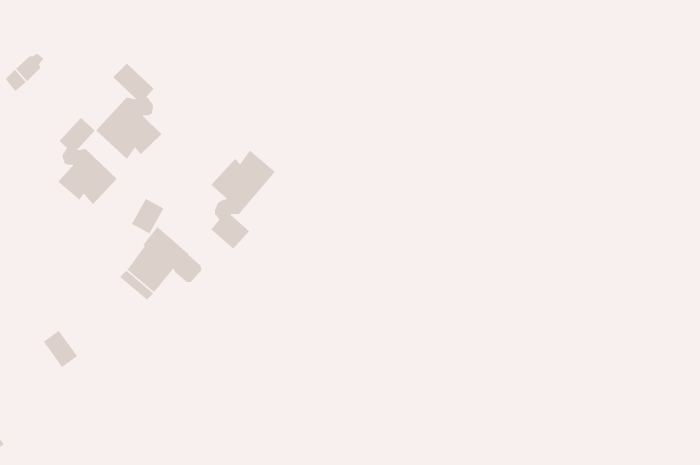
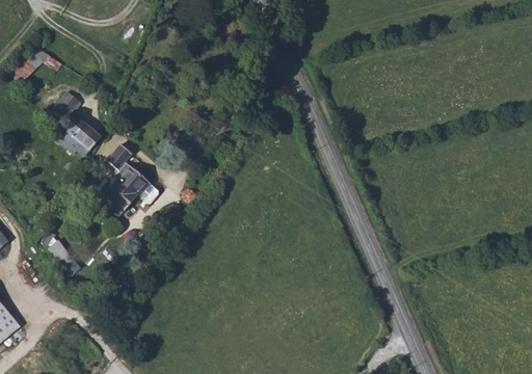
building: [96,63,162,160] -> none
building: [210,149,276,250] -> none

